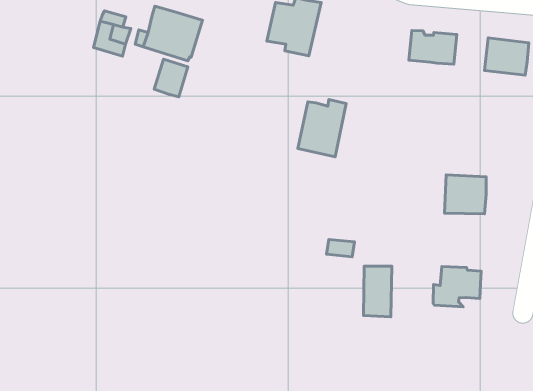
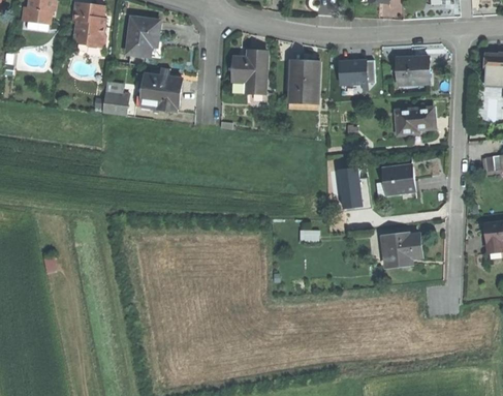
building: [154,59,188,97] -> none
building: [298,99,346,157] -> [288,61,319,103]
building: none -> [396,108,434,134]
building: [364,266,392,317] -> [337,166,363,207]

